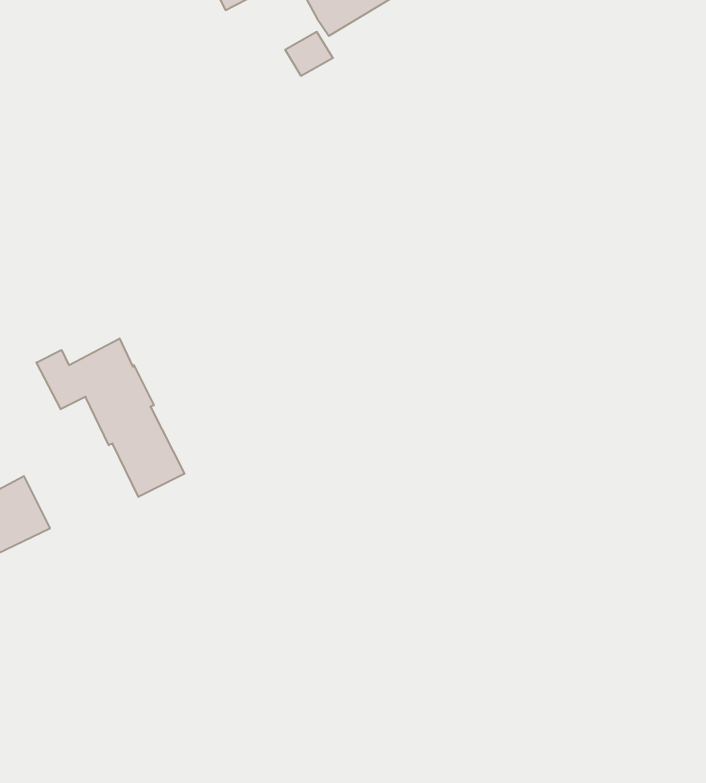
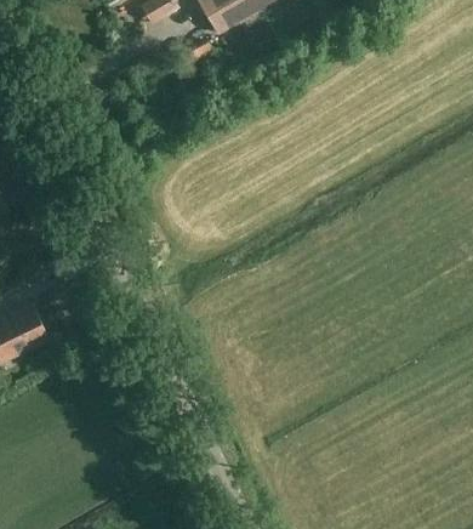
building: [36,338,185,497] -> none

